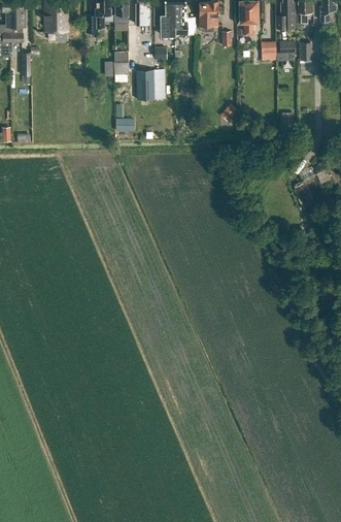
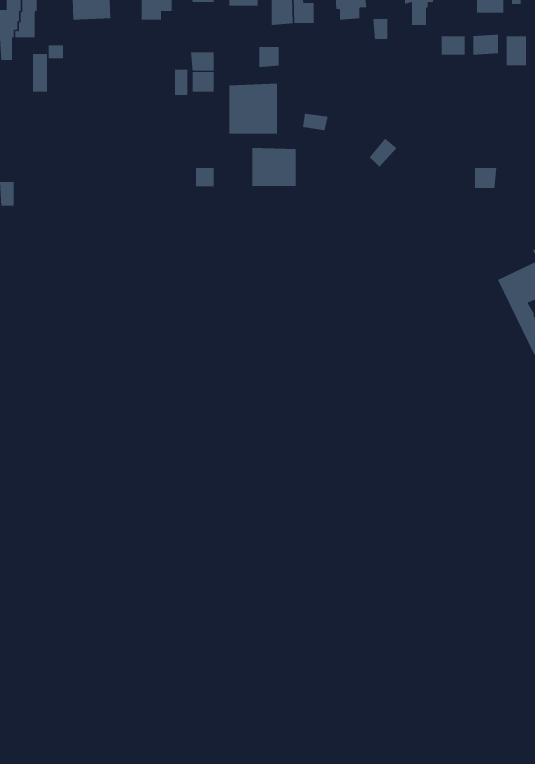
building: none -> [252,147,296,187]

